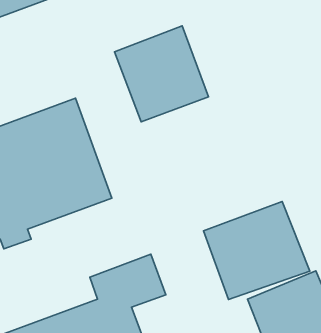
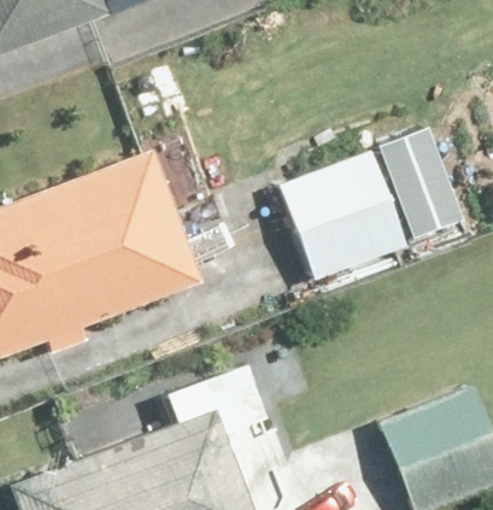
building: [115,26,209,122] -> [281,150,409,280]
building: [204,202,310,299] -> none

